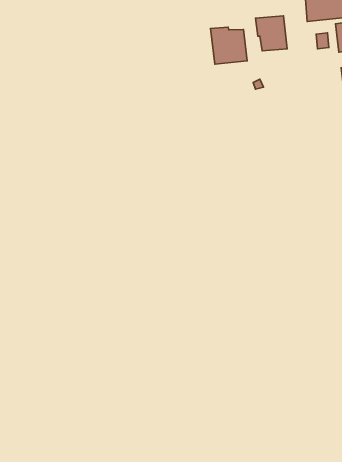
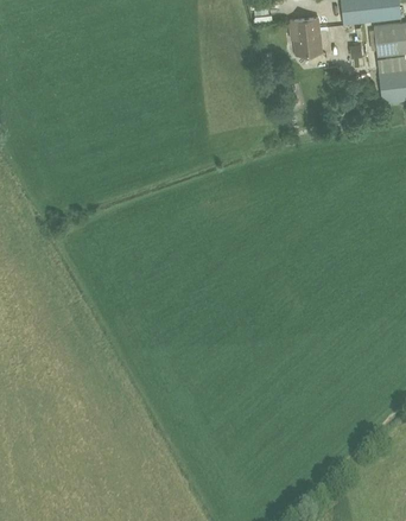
building: [210,27,247,64] -> none

